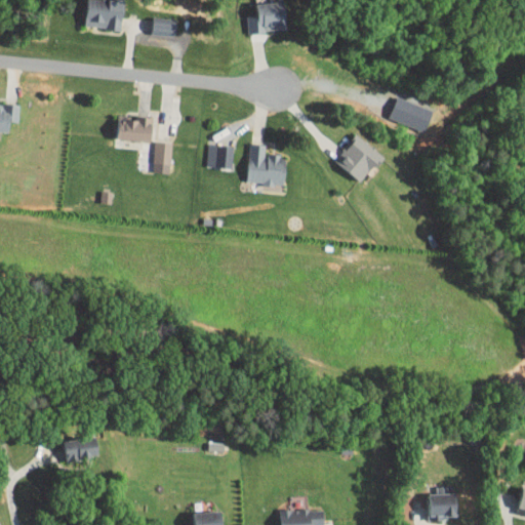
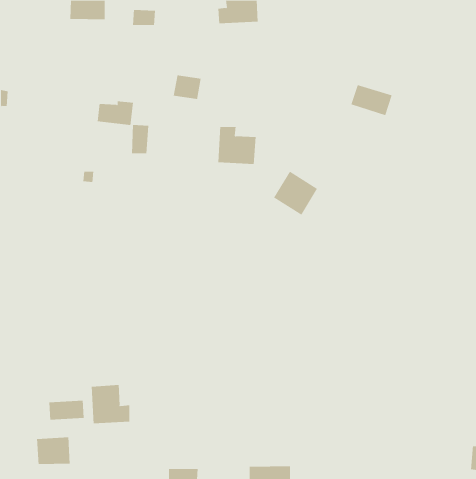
building: [335,134,383,183] -> [273,171,318,216]
building: [204,143,235,169] -> [173,75,201,99]
building: none -> [91,384,130,424]
building: none -> [36,436,70,465]
building: [428,494,466,520] -> none

